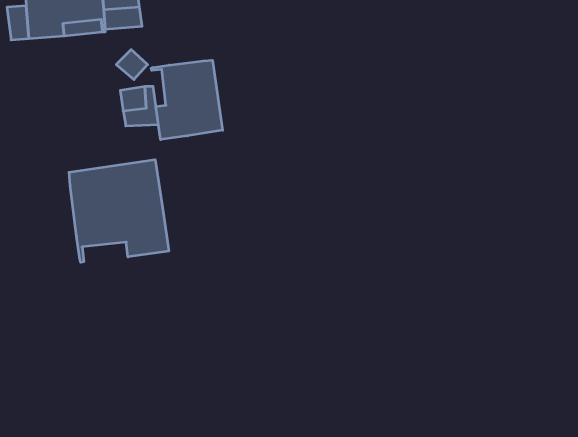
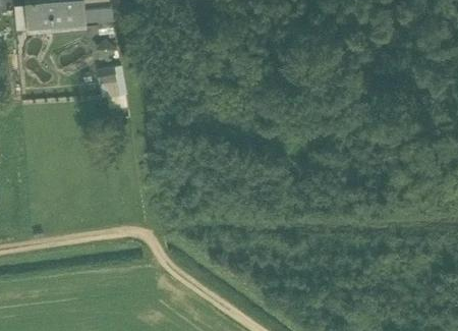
building: [151,60,223,140] -> none
building: [69,160,169,262] -> none

